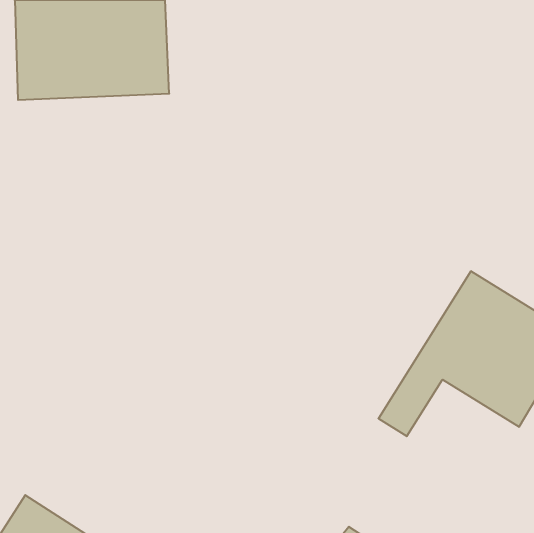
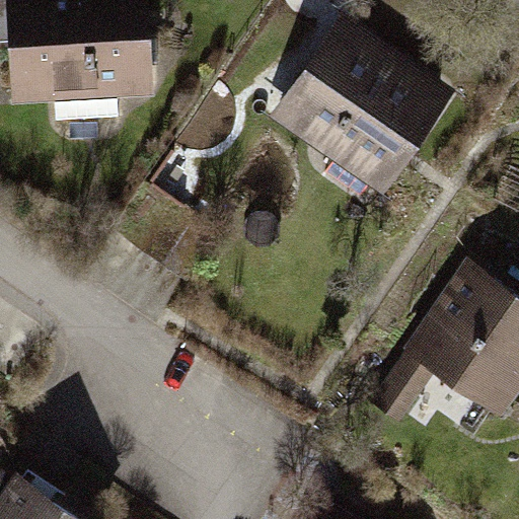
building: none -> [269,21,449,199]

